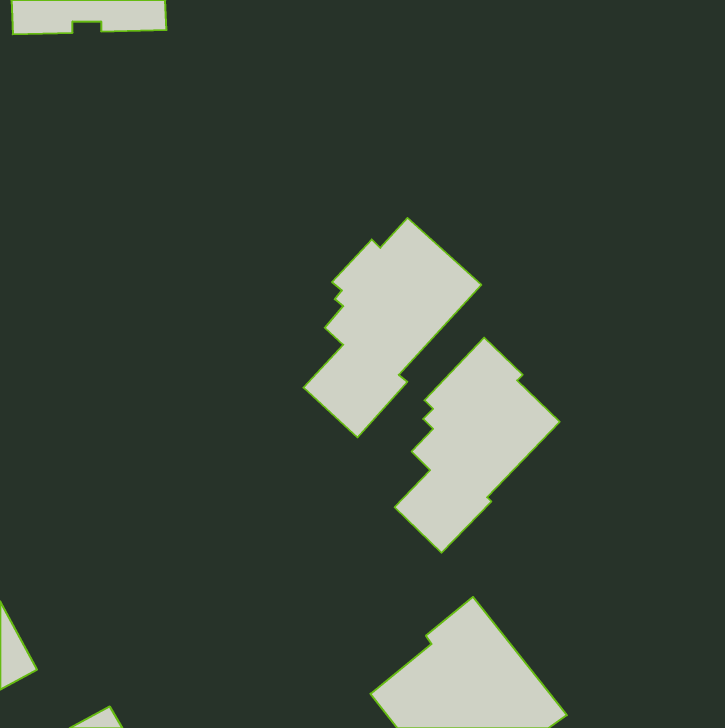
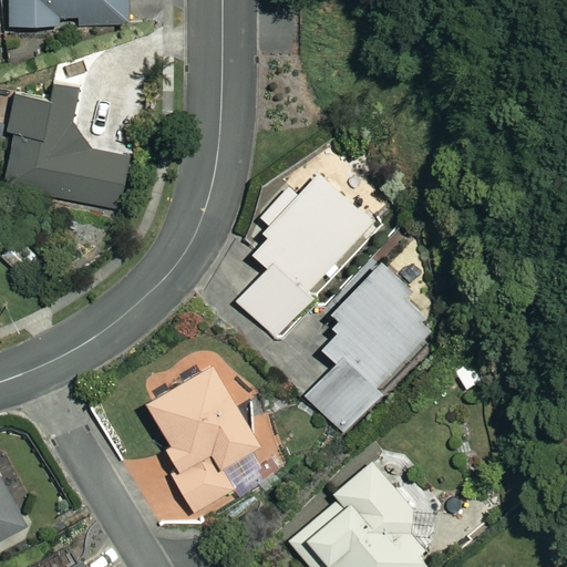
building: none -> [7,81,128,207]
building: none -> [142,364,257,515]

